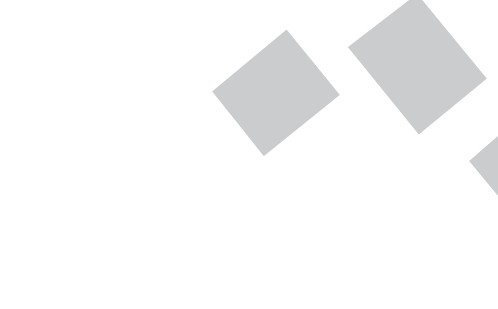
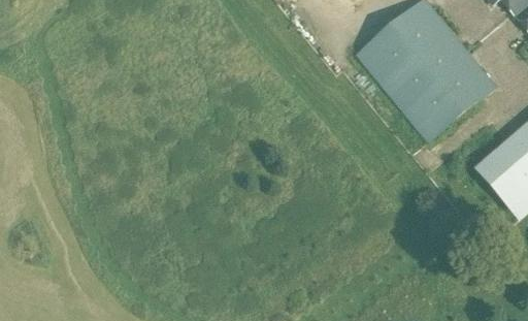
building: [211,28,341,157] -> none

